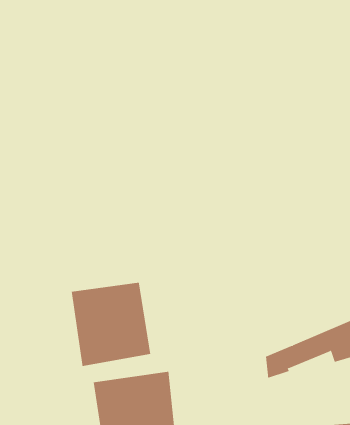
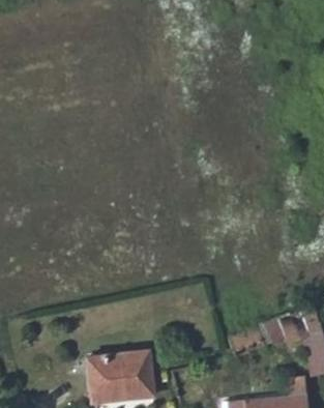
building: [71,282,151,367] -> none

